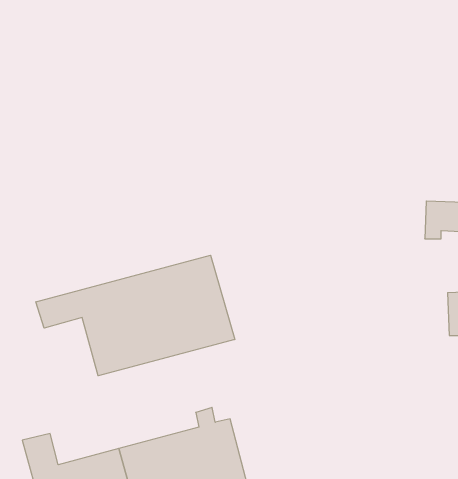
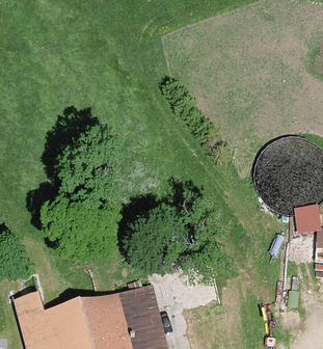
building: [36,255,235,376] -> none

